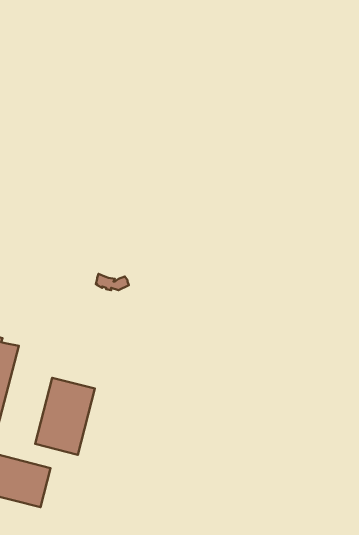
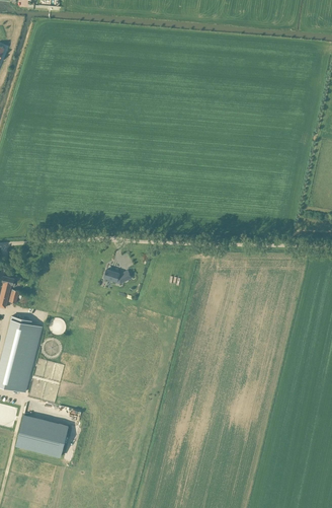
building: [35,378,95,455] -> none

